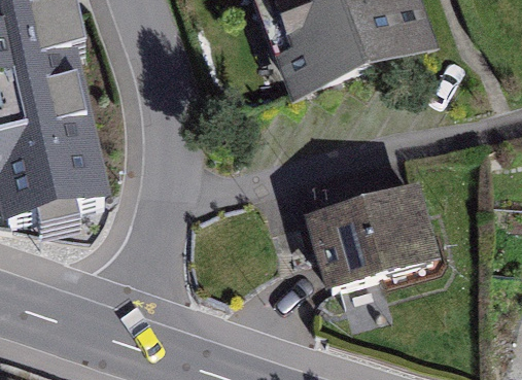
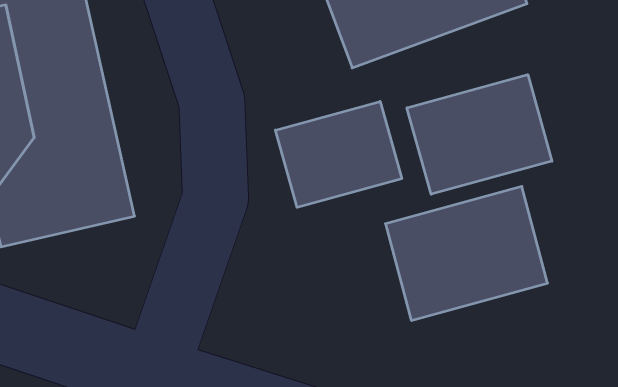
building: none -> [407,75,552,194]
building: none -> [275,101,402,207]

